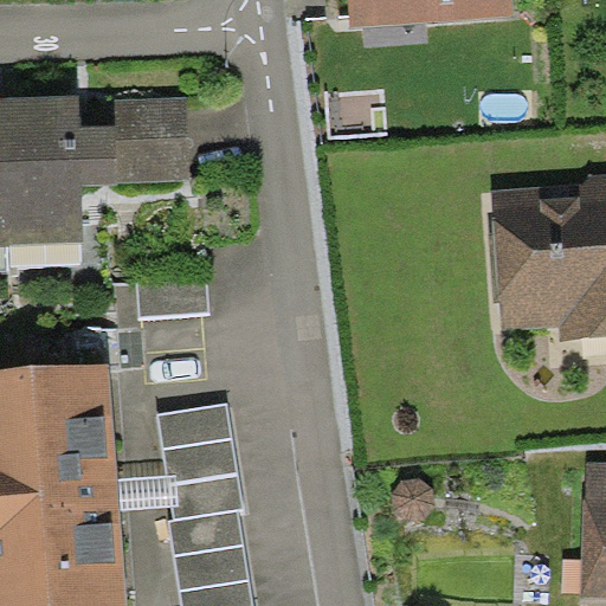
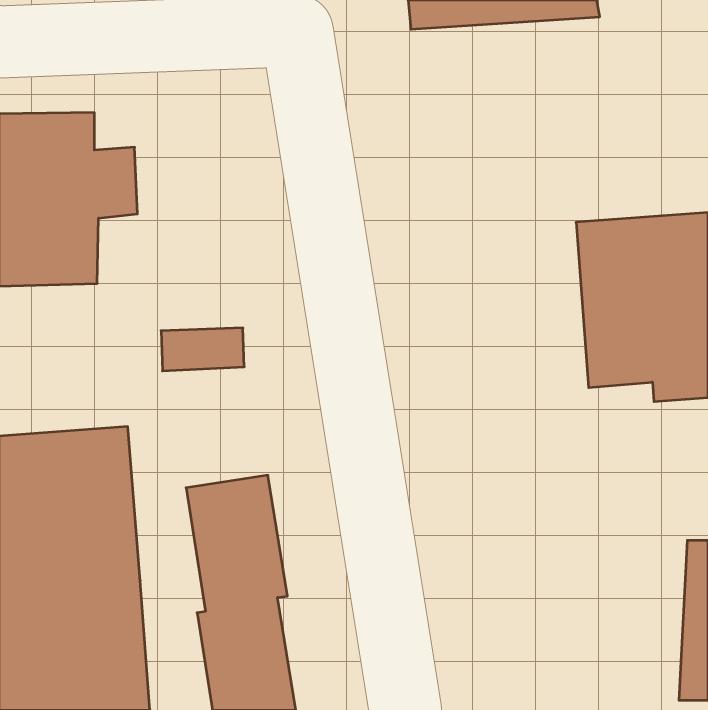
building: [114,97,189,182] -> none

